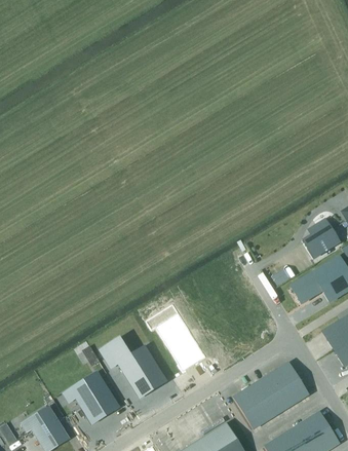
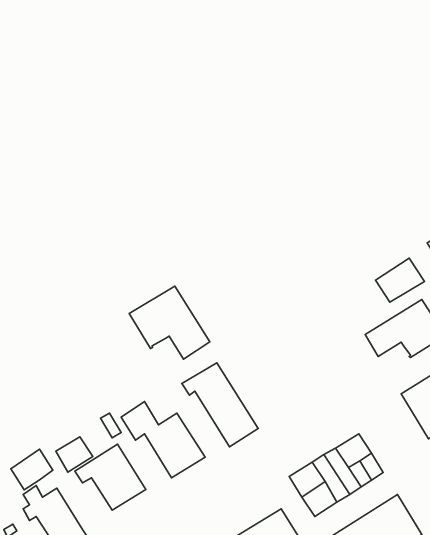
building: none -> [129,286,210,359]
building: none -> [56,437,93,472]
building: none -> [11,449,53,490]

